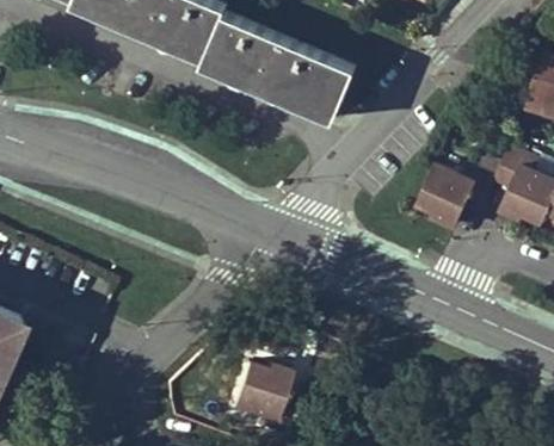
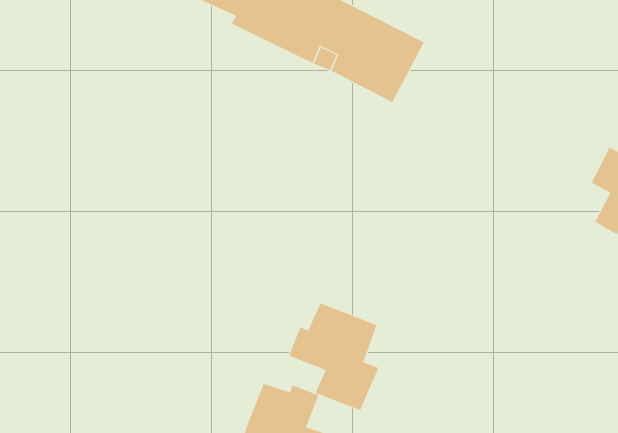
building: [417,167,495,229] -> none
building: none -> [288,303,379,411]

